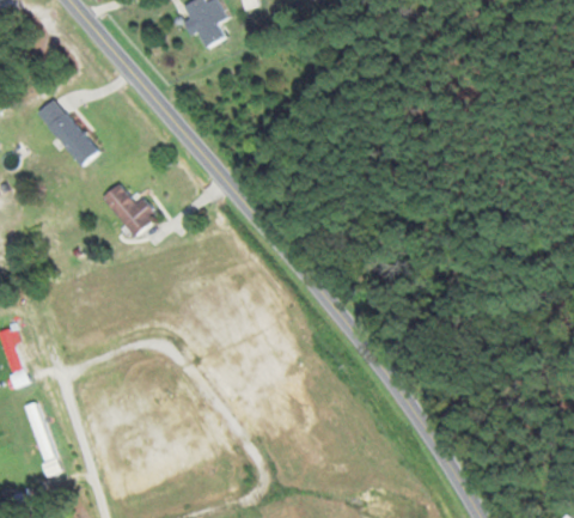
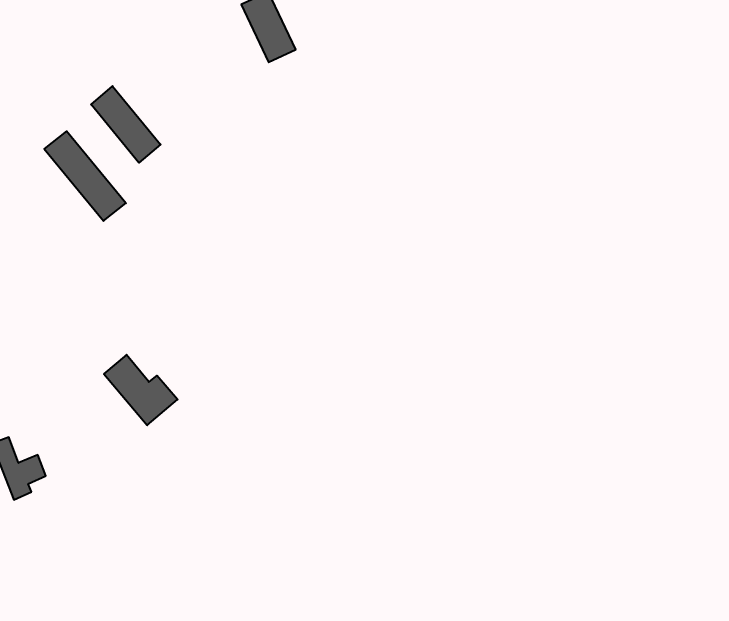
building: none -> [91,86,161,163]
building: [102,183,157,236] -> [104,355,178,425]

